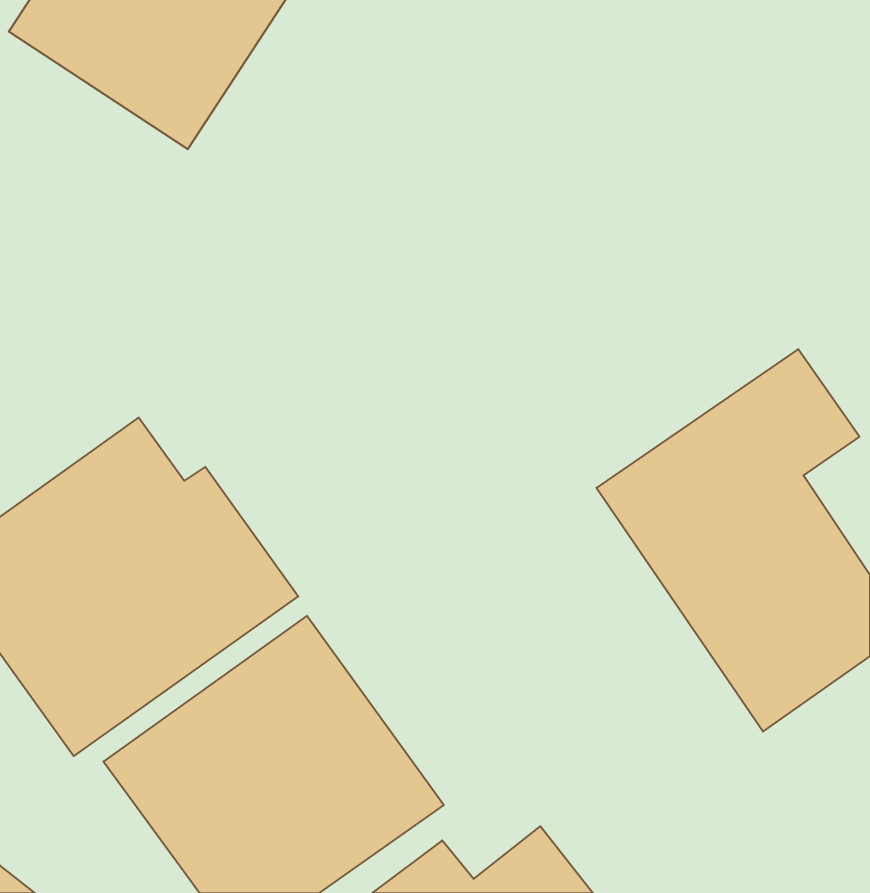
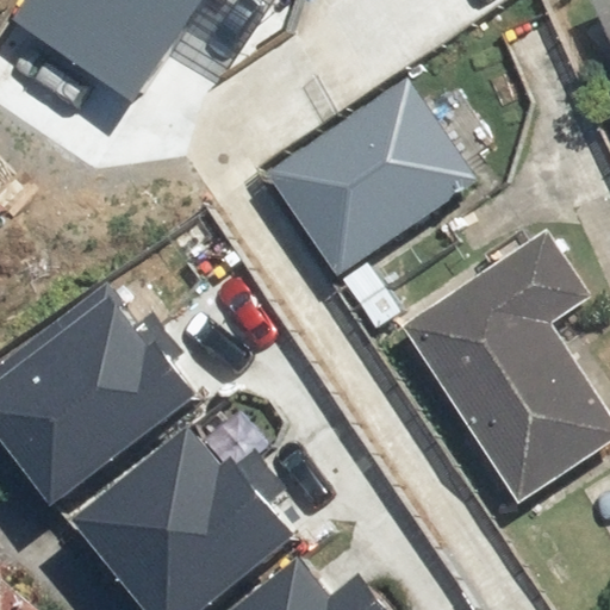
building: none -> [268,77,475,273]

